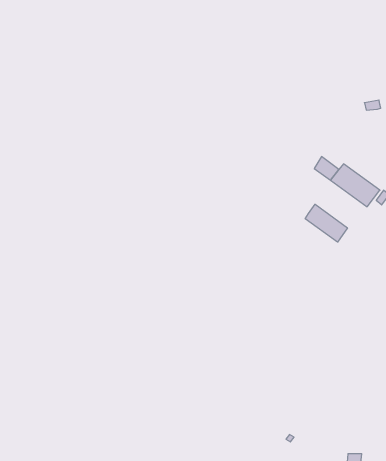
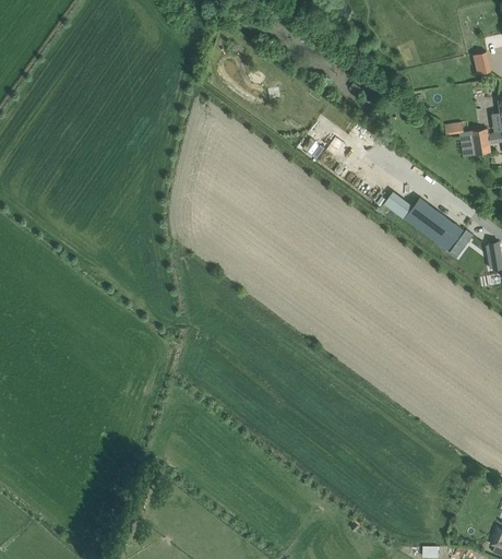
building: [305,204,347,242] -> none

